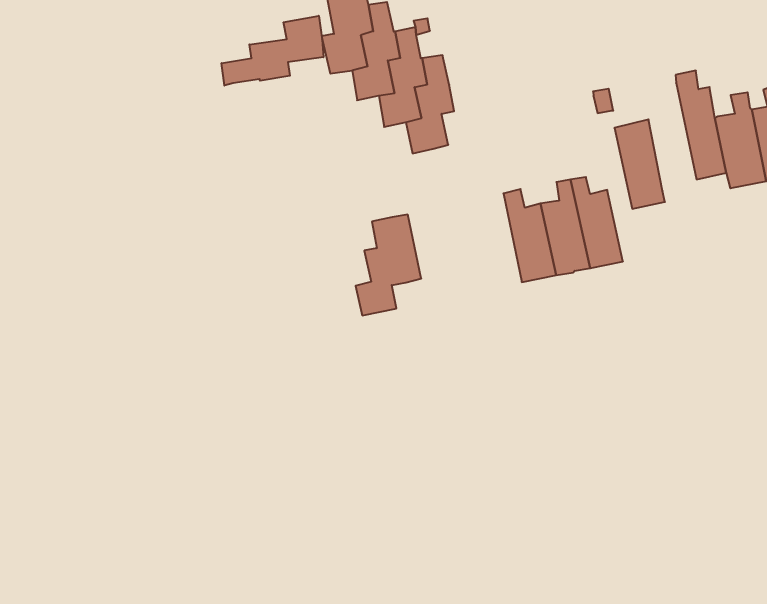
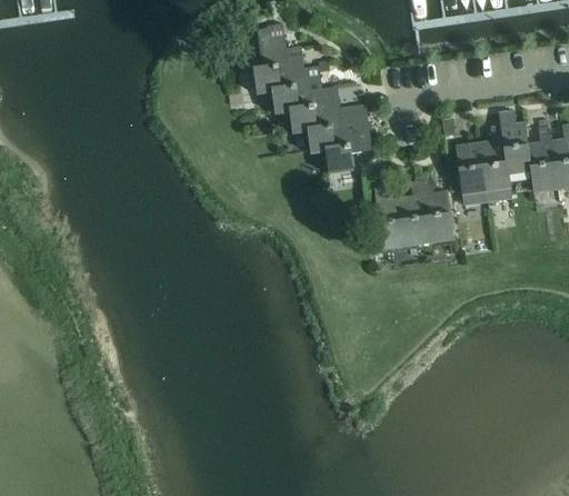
building: [222,16,323,86] -> none
building: none -> [479,117,510,192]
building: [356,215,421,315] -> [326,105,372,173]

